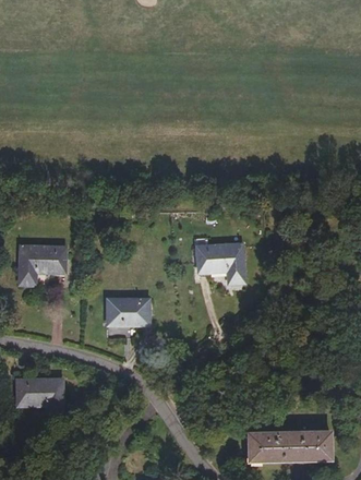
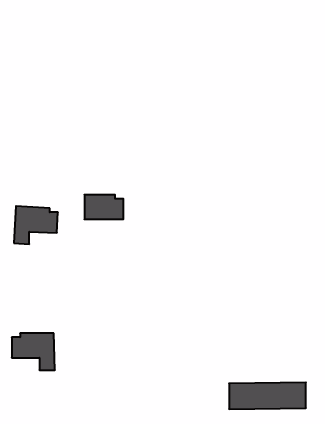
building: [197,244,244,285] -> none
building: [108,299,149,325] -> [84,195,123,219]

